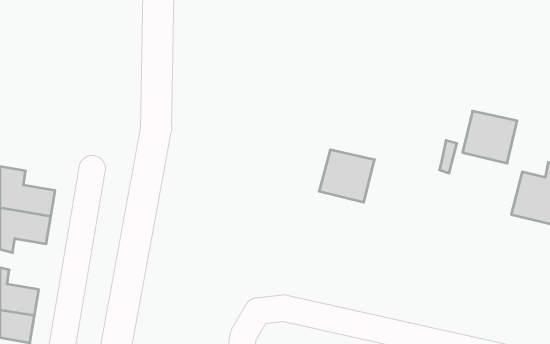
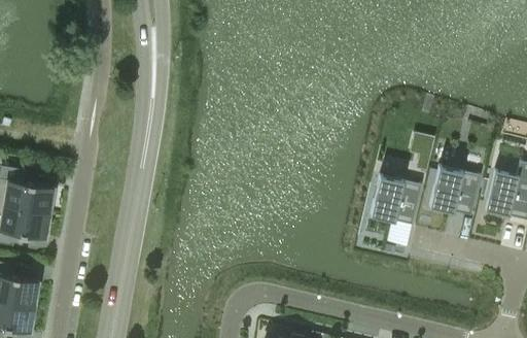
building: [463,111,517,163] -> [429,166,481,215]
building: [319,150,375,202] -> [370,175,422,225]

